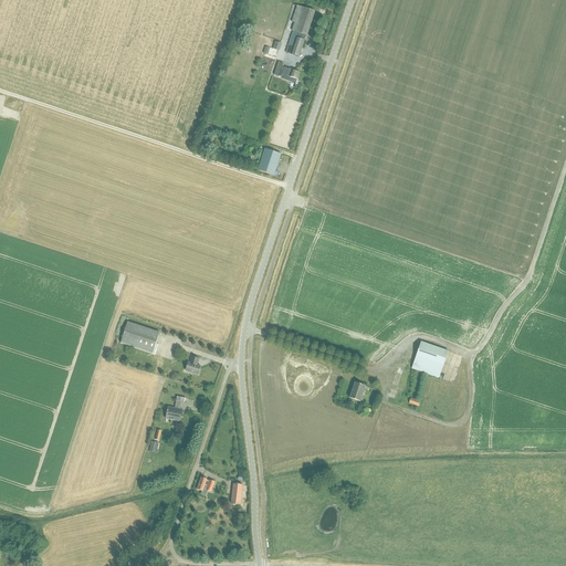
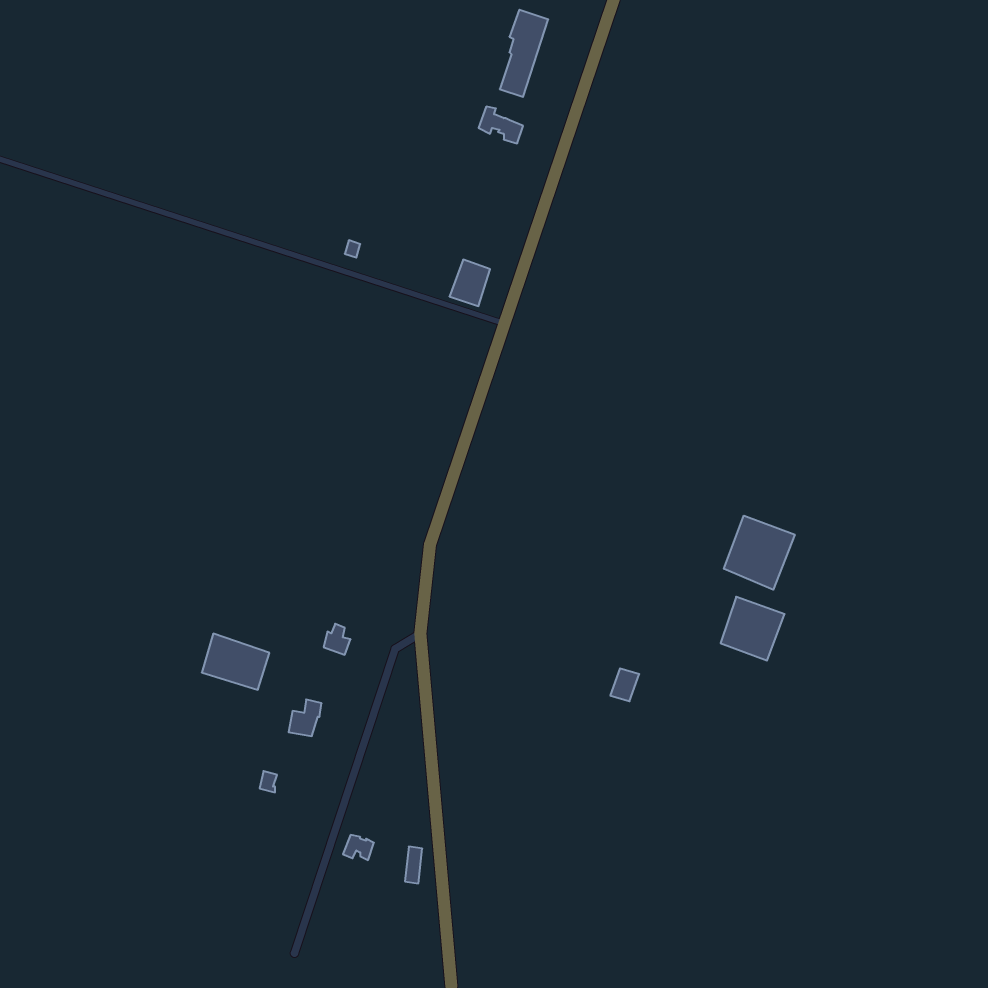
building: none -> [724,516,795,590]
building: [119,321,158,353] -> [202,634,269,690]

